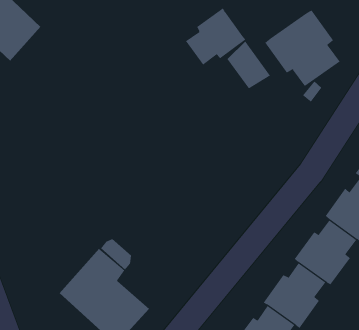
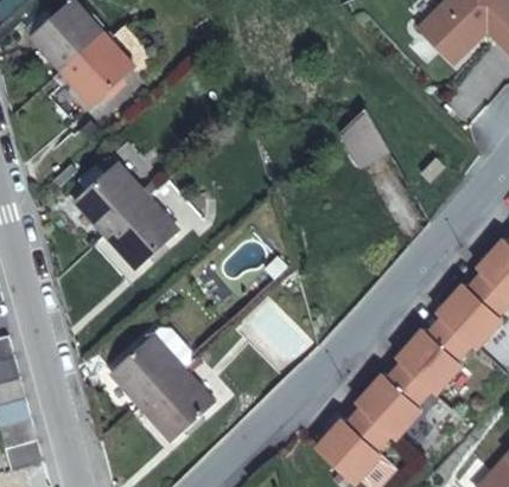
building: [185,7,246,66] -> none
building: [264,10,340,87] -> none
building: none -> [82,164,182,267]

